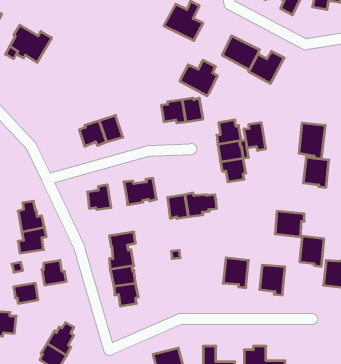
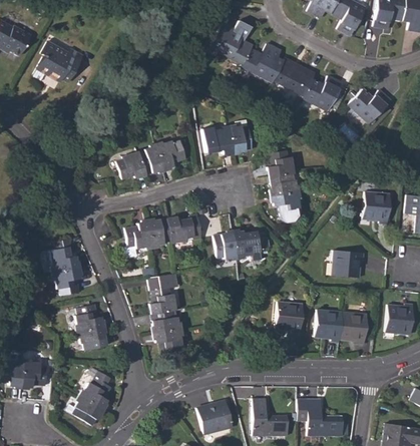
building: [180,60,217,96] -> [242,42,283,81]
building: none -> [348,87,390,122]
building: none -> [156,139,185,168]
building: [244,123,265,151] -> none
building: [299,123,325,159] -> none
building: none -> [147,217,169,246]
building: [300,236,324,266] -> [340,311,367,344]
building: [14,283,38,303] -> [78,327,105,349]

